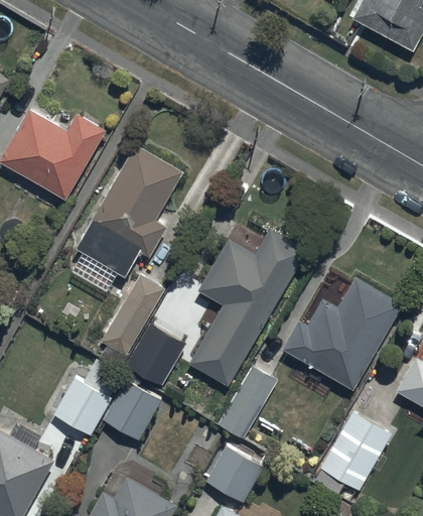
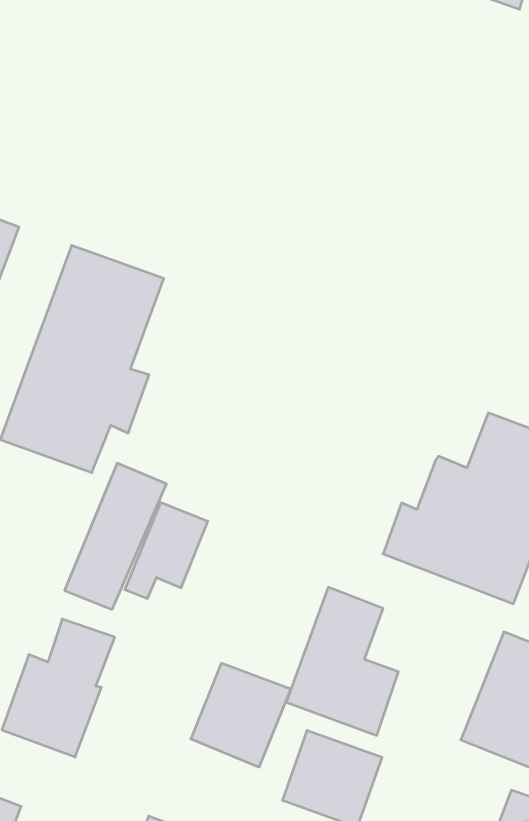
building: [188,230,306,388] -> none
building: [101,380,162,442] -> [191,663,291,767]

